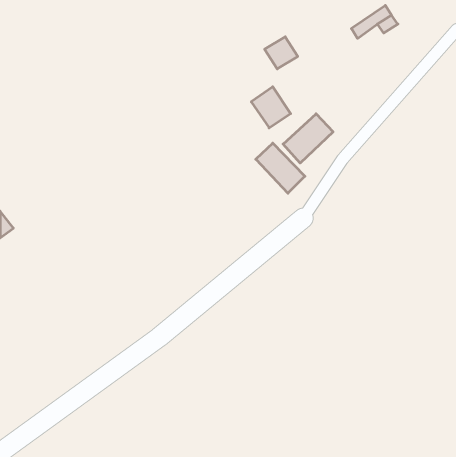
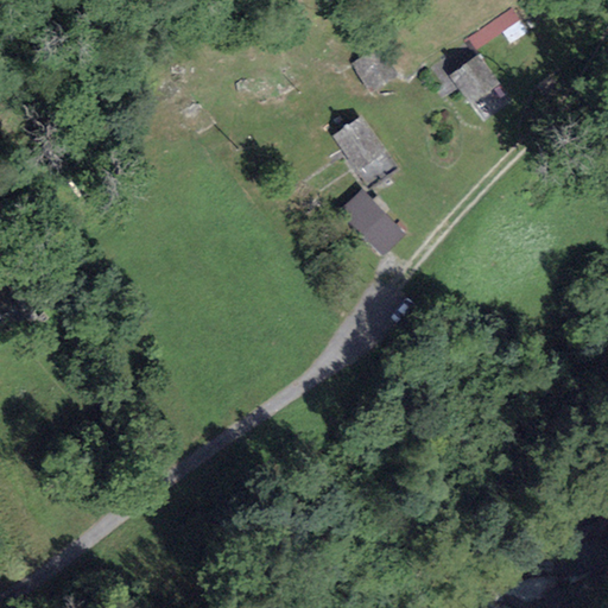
building: none -> [449,56,499,104]
building: [283,114,333,163] -> none

